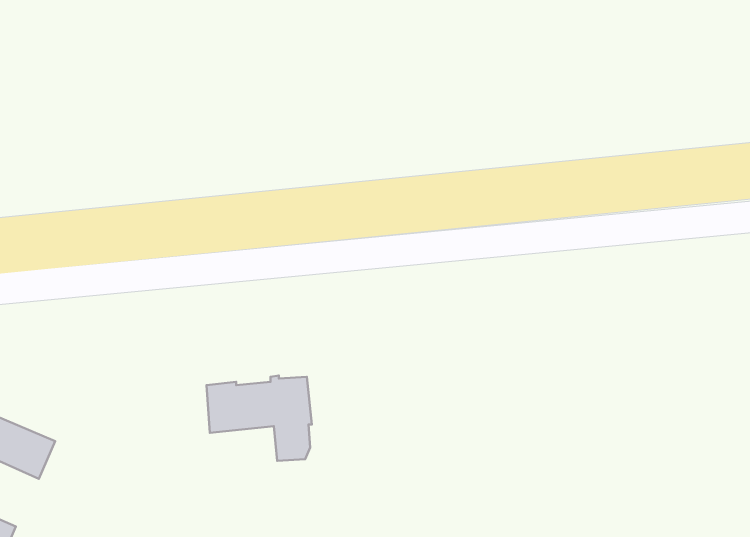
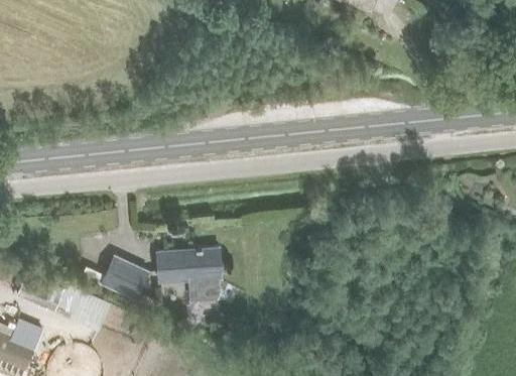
building: none -> [102,257,146,298]

